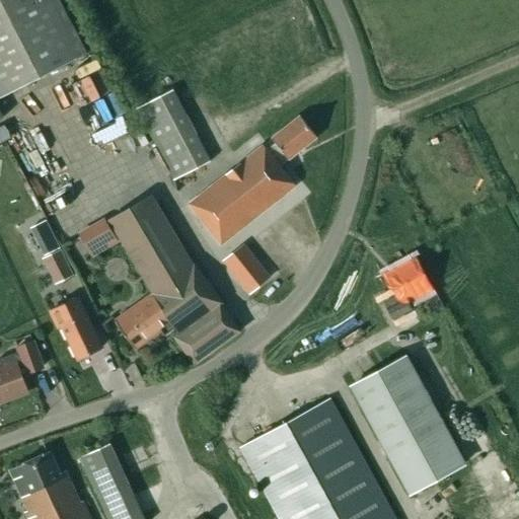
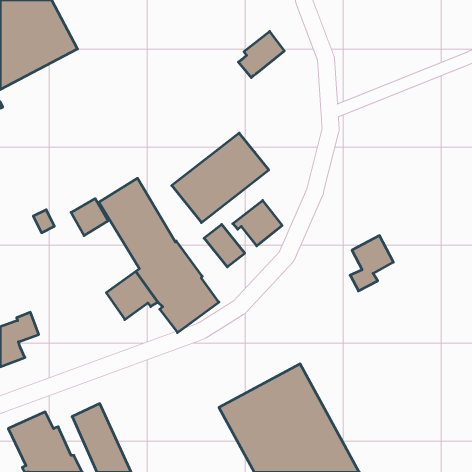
building: [135,90,210,181] -> none
building: [266,117,316,167] -> [238,31,284,78]
building: none -> [233,200,282,246]
building: [43,250,73,284] -> none
building: [48,298,101,360] -> none
building: [352,357,464,494] -> none

